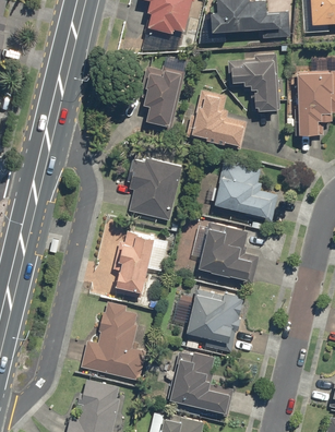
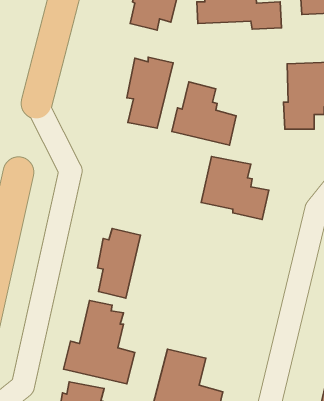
building: [227,53,280,111] -> none
building: [127,157,183,220] -> none
building: [196,223,260,284] -> none
building: [183,288,248,353] -> none

